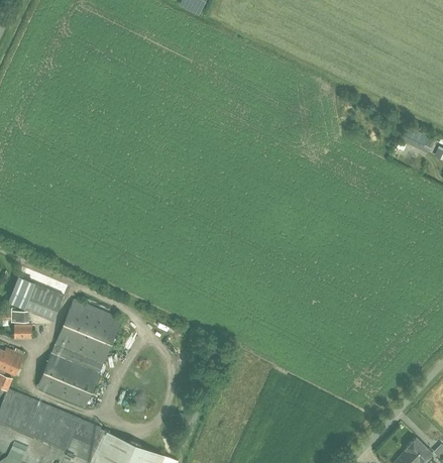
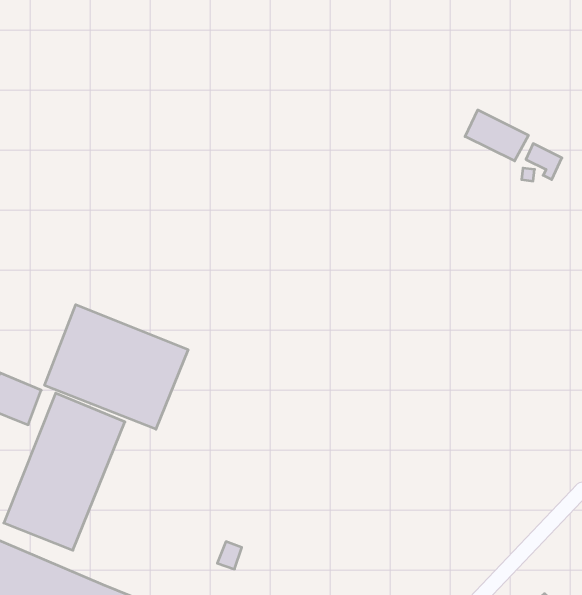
building: none -> [465,110,528,161]
building: none -> [45,305,188,429]

